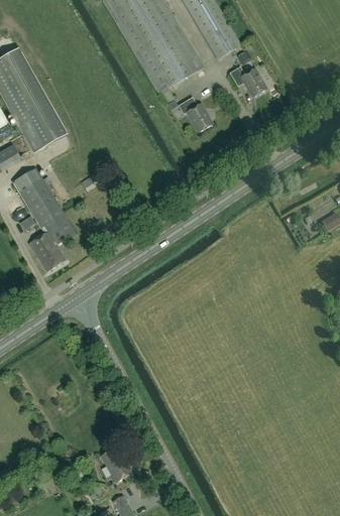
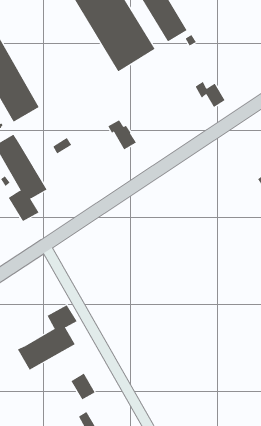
building: [230,66,266,97] -> [195,81,226,108]
building: [179,96,213,132] -> [108,119,137,150]
building: none -> [17,304,77,370]

